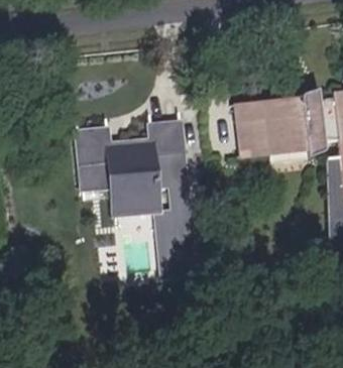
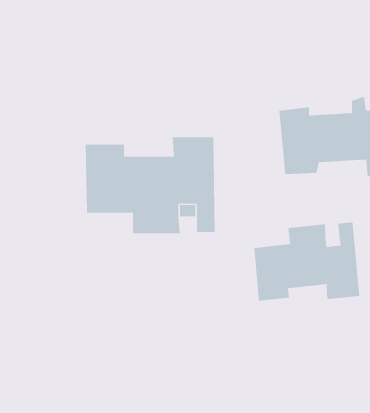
building: none -> [254,222,360,302]

